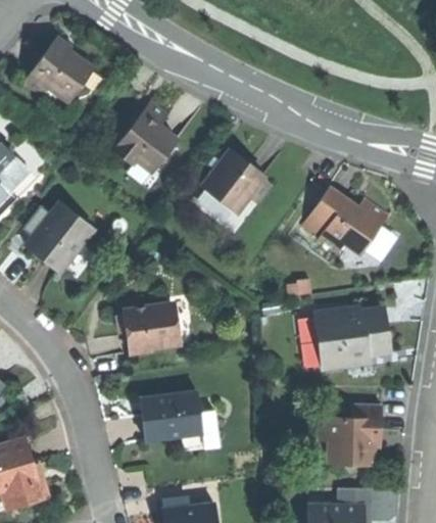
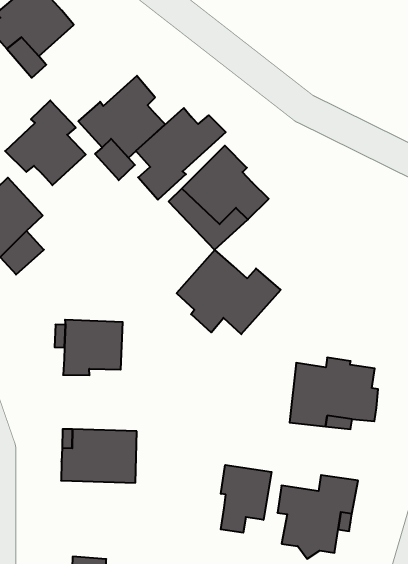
building: none -> [136,108,226,200]
building: none -> [5,100,86,185]
building: [305,190,389,257] -> [177,250,281,334]
building: none -> [221,465,272,533]

